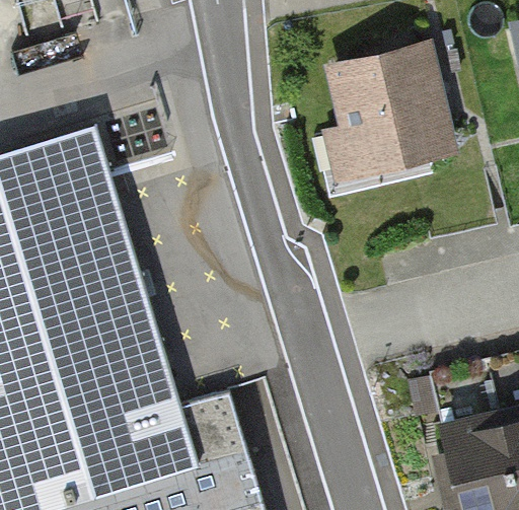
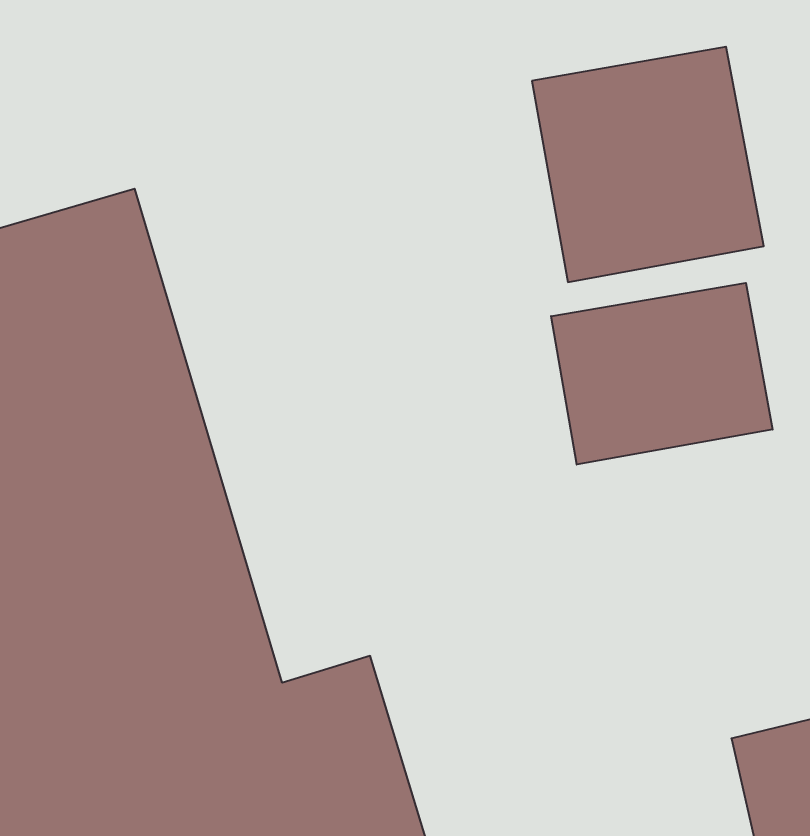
building: none -> [551,283,773,465]

